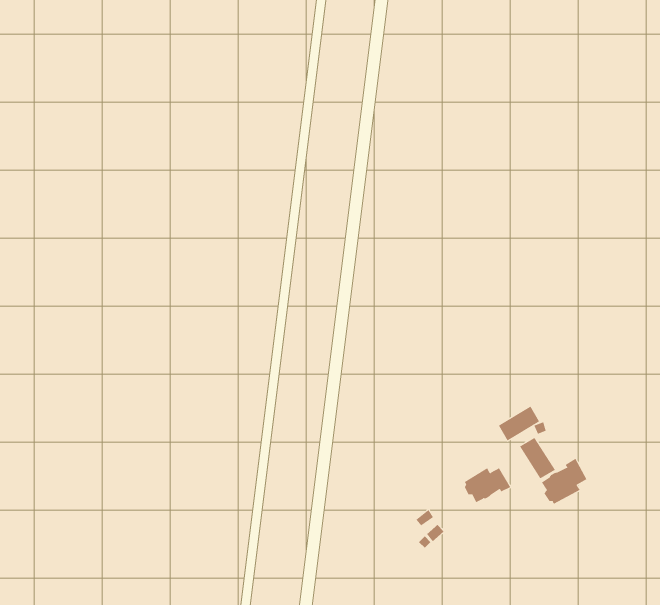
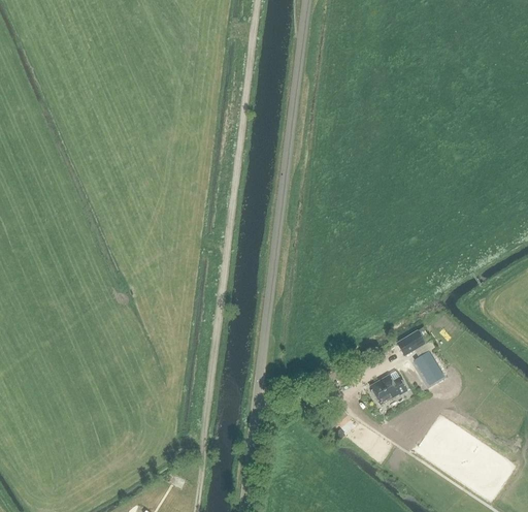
building: [541,458,587,504] -> none

